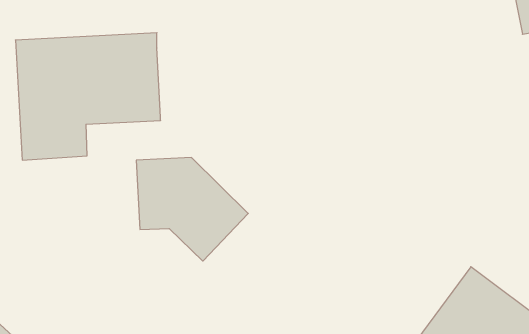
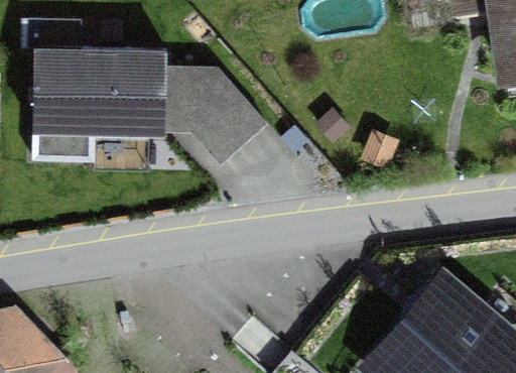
building: [136,158,248,261] -> [164,64,266,161]

